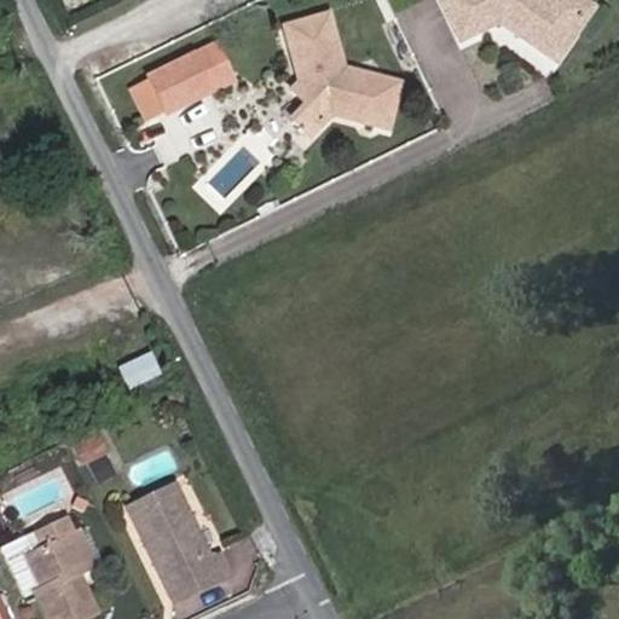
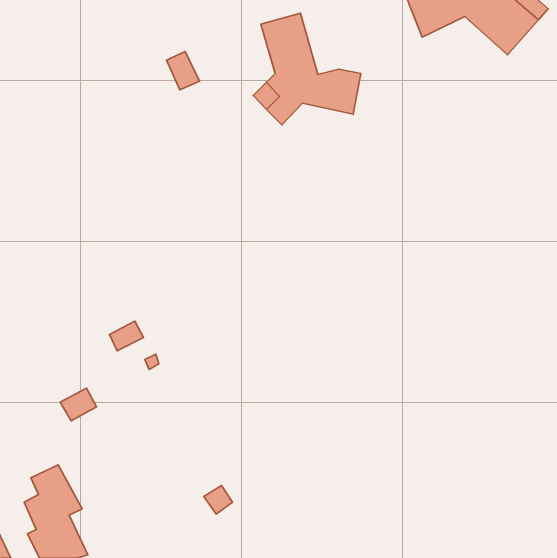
building: [137,66,198,118] -> none
building: [123,481,227,597] -> none

